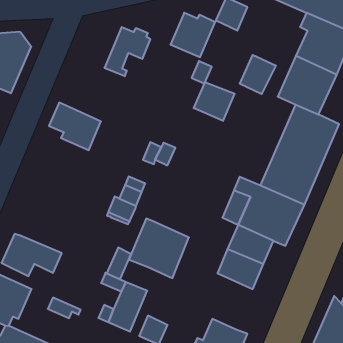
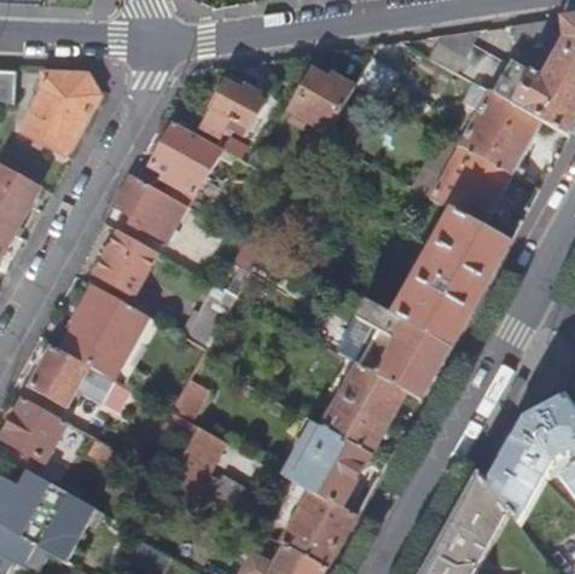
building: [240,55,276,94] -> none
building: none -> [150,120,221,207]
building: [194,82,235,121] -> none
building: none -> [95,231,156,295]
building: none -> [59,288,147,379]
building: [129,219,189,278] -> [283,423,367,508]

